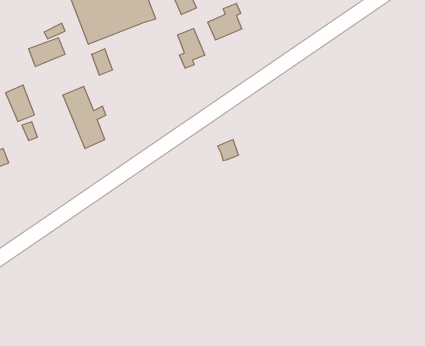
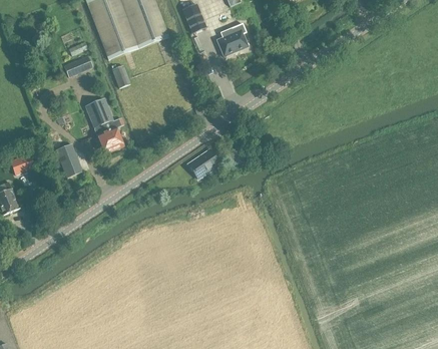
building: [177,29,205,68] -> none
building: [6,85,34,122] -> [55,142,81,176]
building: none -> [187,148,221,179]

